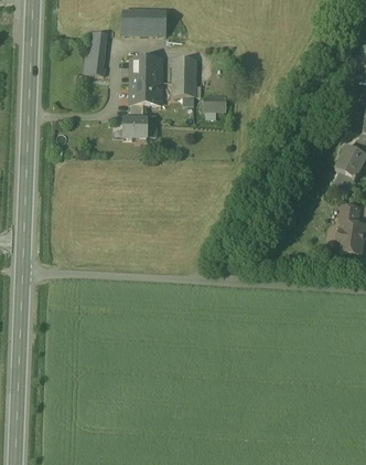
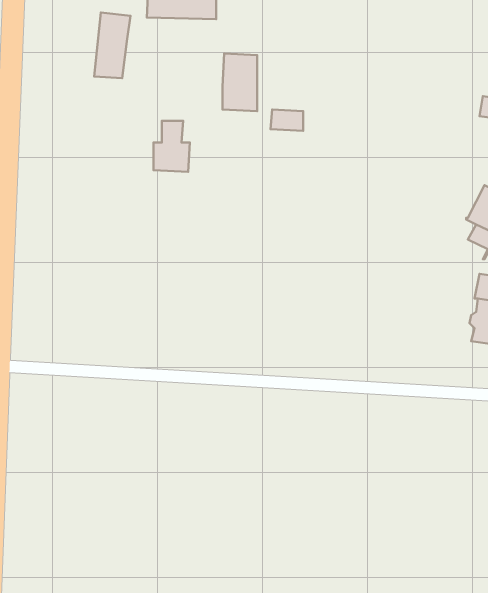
building: [131,56,172,104] -> none

